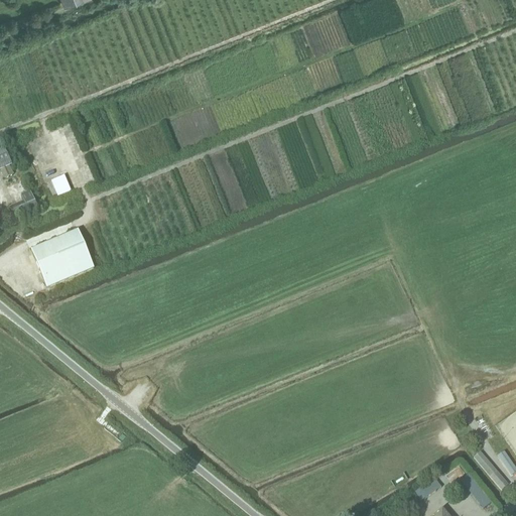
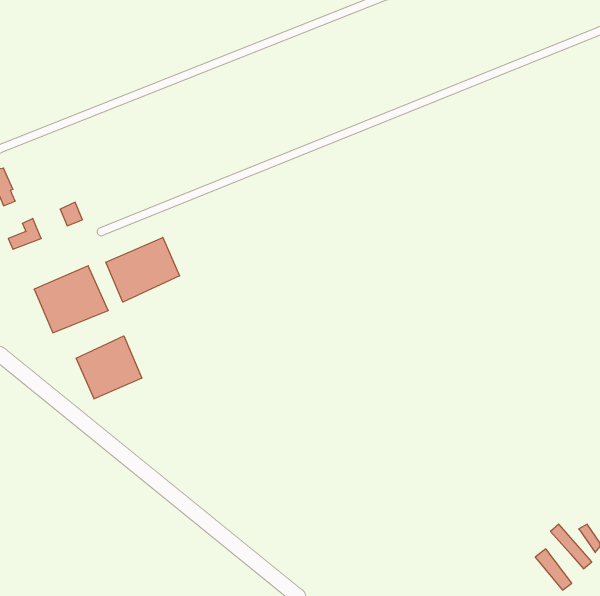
building: none -> [106,237,180,302]
building: none -> [76,336,142,399]

